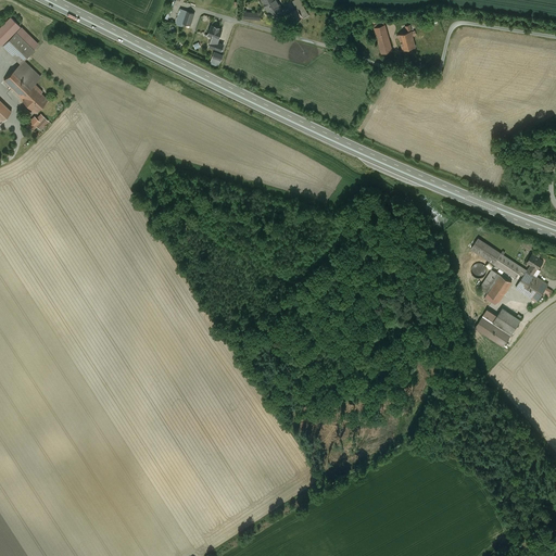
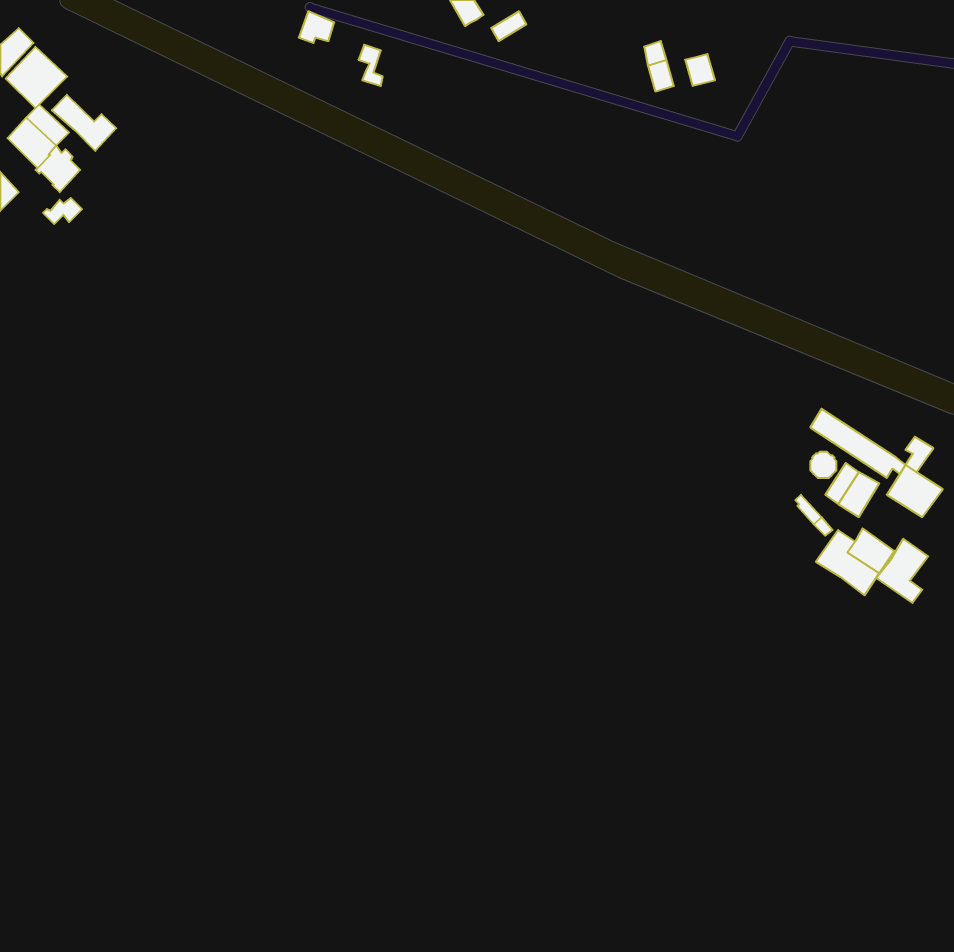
building: none -> [52,95,116,151]
building: none -> [876,539,928,603]

